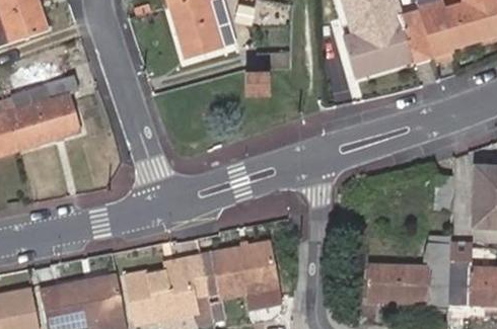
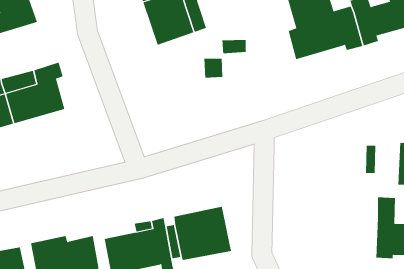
building: [368,234,449,306] -> none

